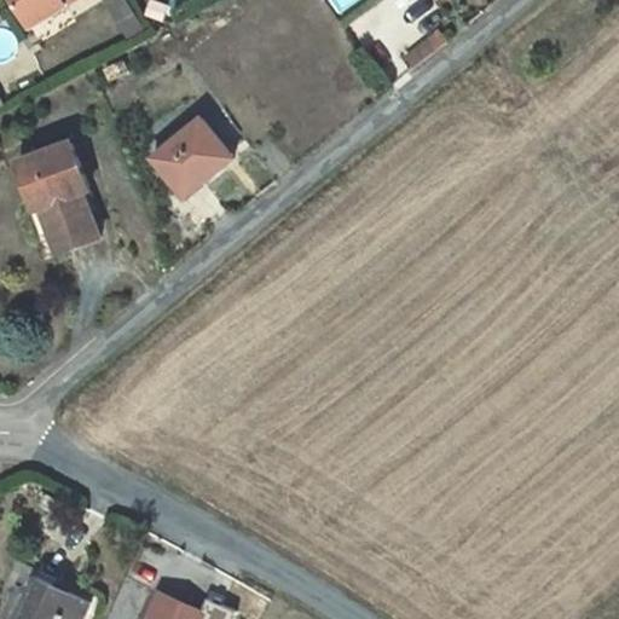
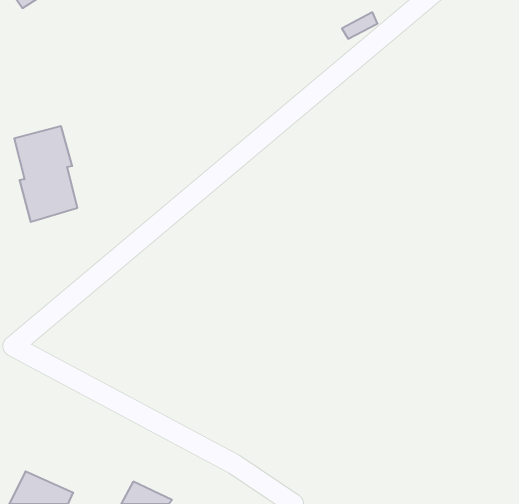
building: [150,128,233,208] -> none

